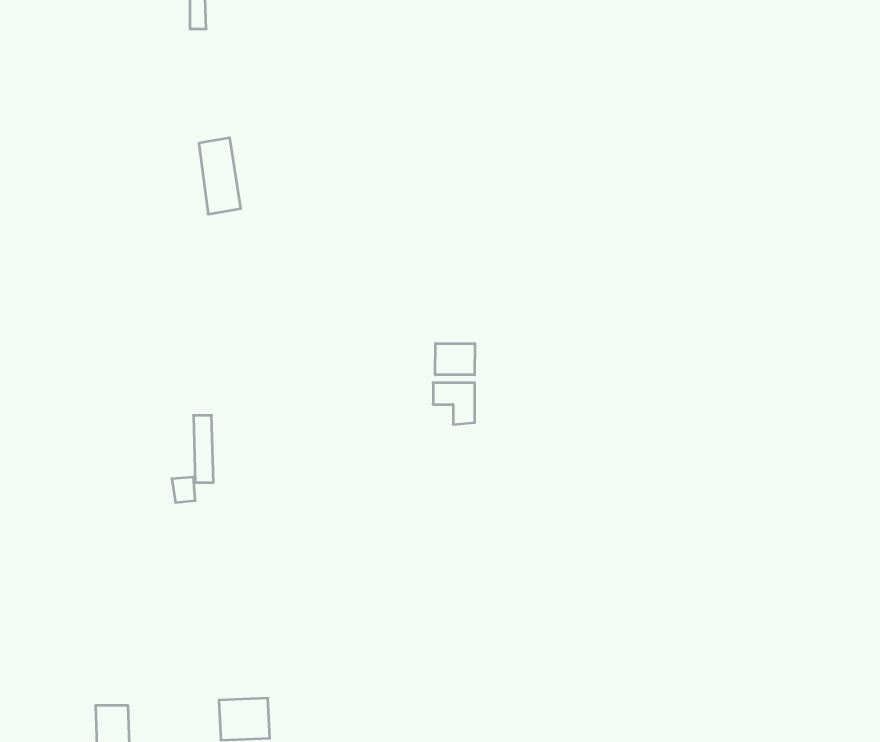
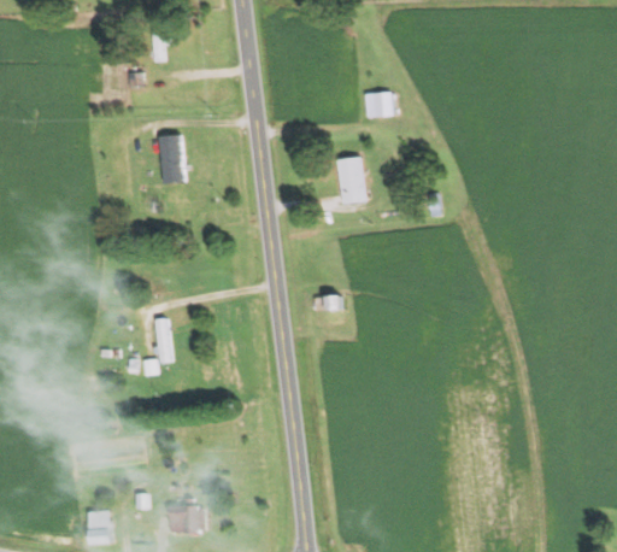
building: none -> [364,90,394,117]
building: none -> [339,155,368,204]
building: [435,343,475,375] -> none

